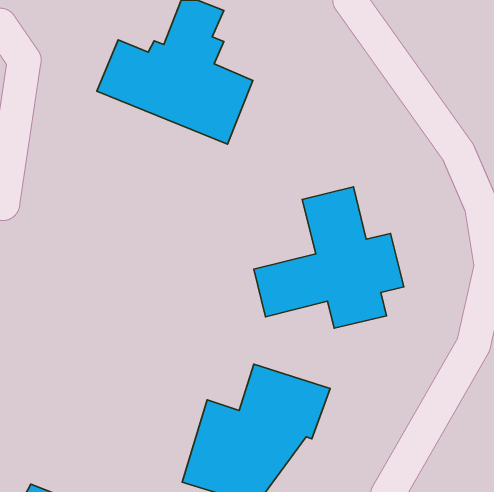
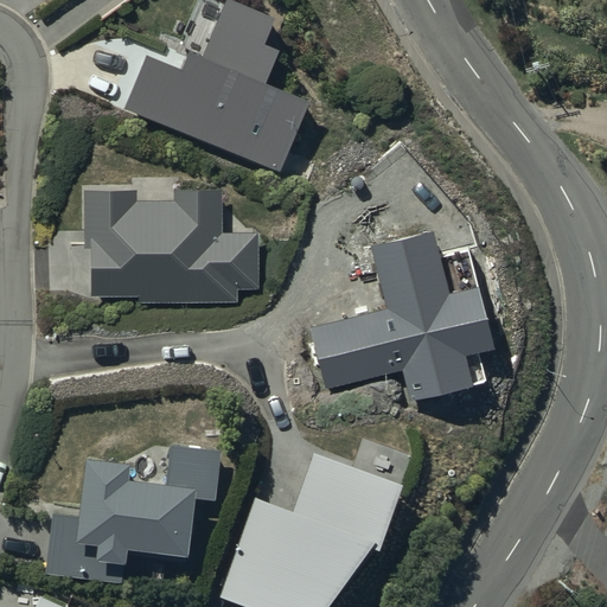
building: none -> [85,187,261,302]
building: none -> [49,439,223,579]

